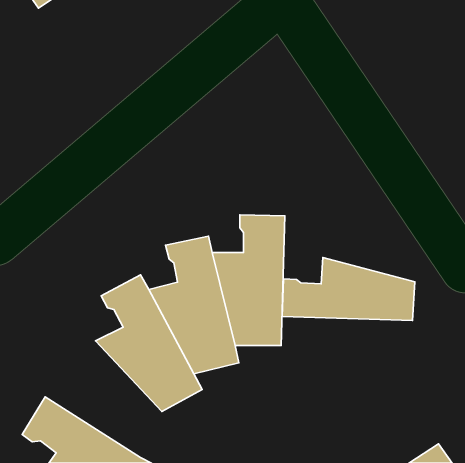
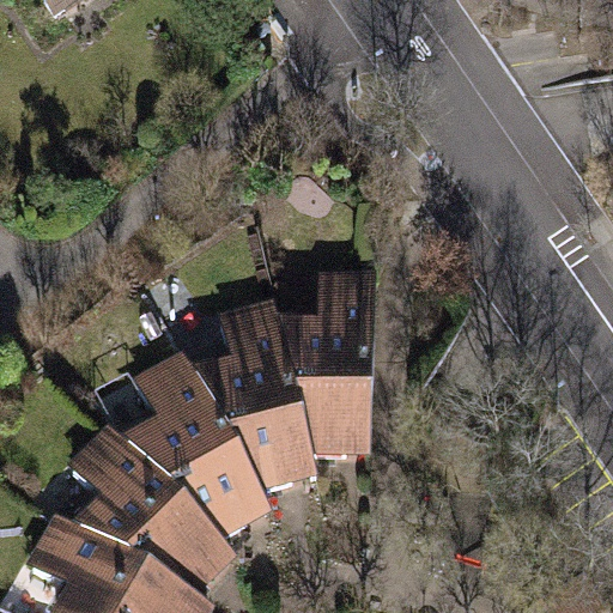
building: [282,258,415,320] -> none
building: none -> [69,431,226,596]

